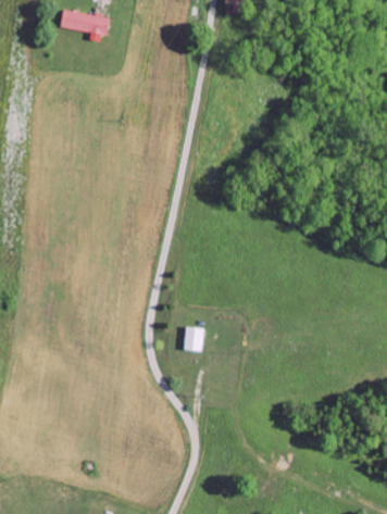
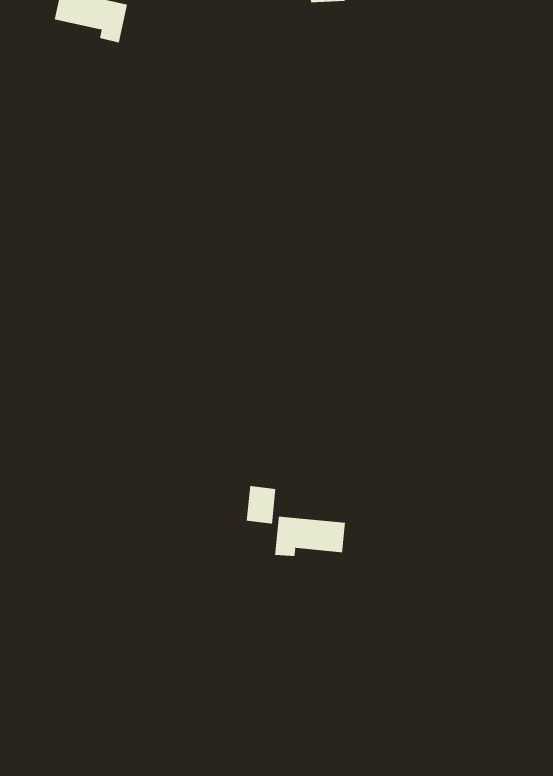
building: none -> [274,516,345,557]

